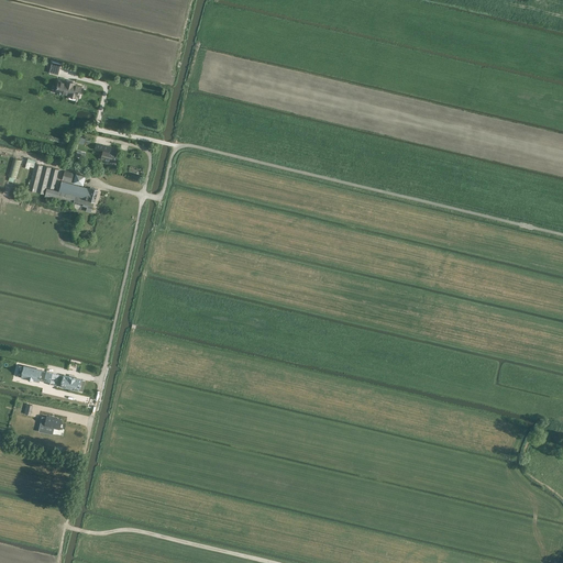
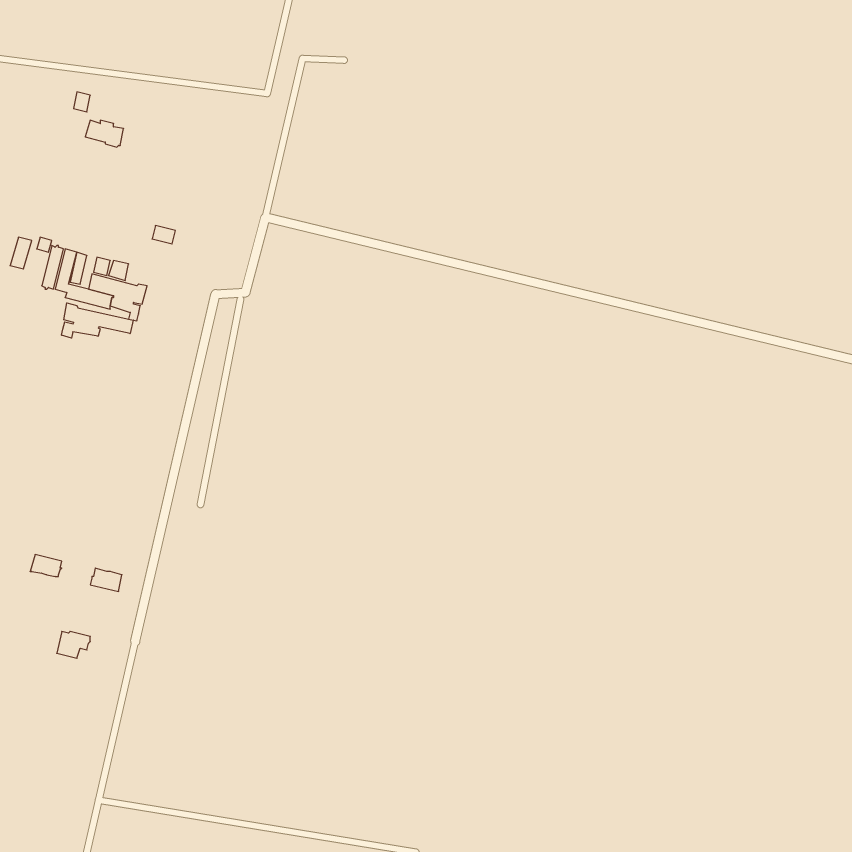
building: none -> [62,303,133,338]

